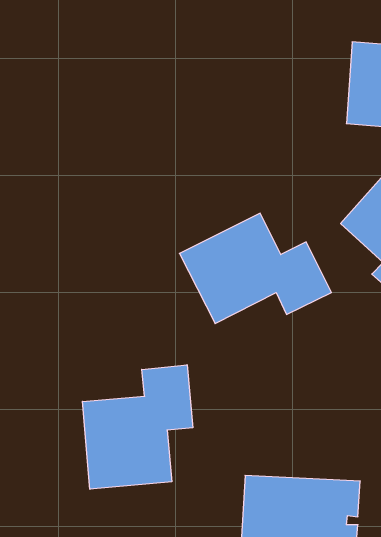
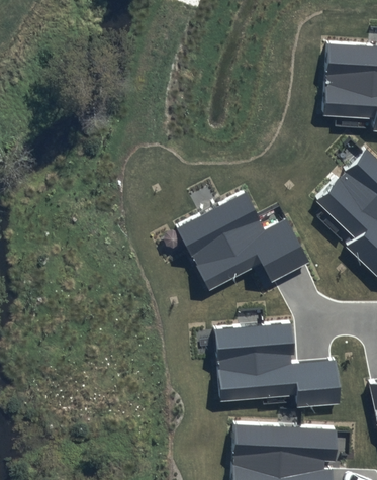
building: none -> [214,322,339,408]
building: [82,365,193,489] -> none

